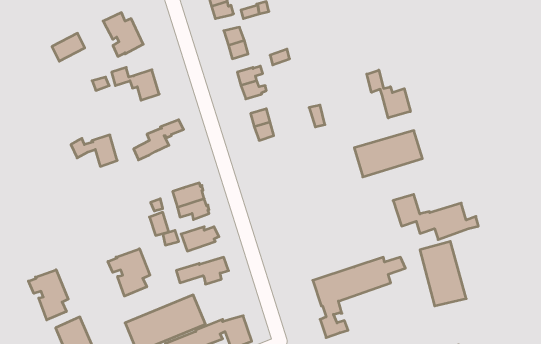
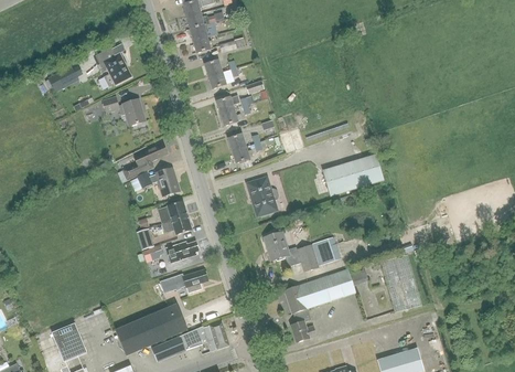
building: [367,70,410,118] -> none
building: [71,135,117,166] -> [137,167,179,195]
building: none -> [247,176,278,215]
building: [393,194,478,240] -> [264,231,341,272]
building: [108,249,150,296] -> none
building: [28,270,68,320] -> none

